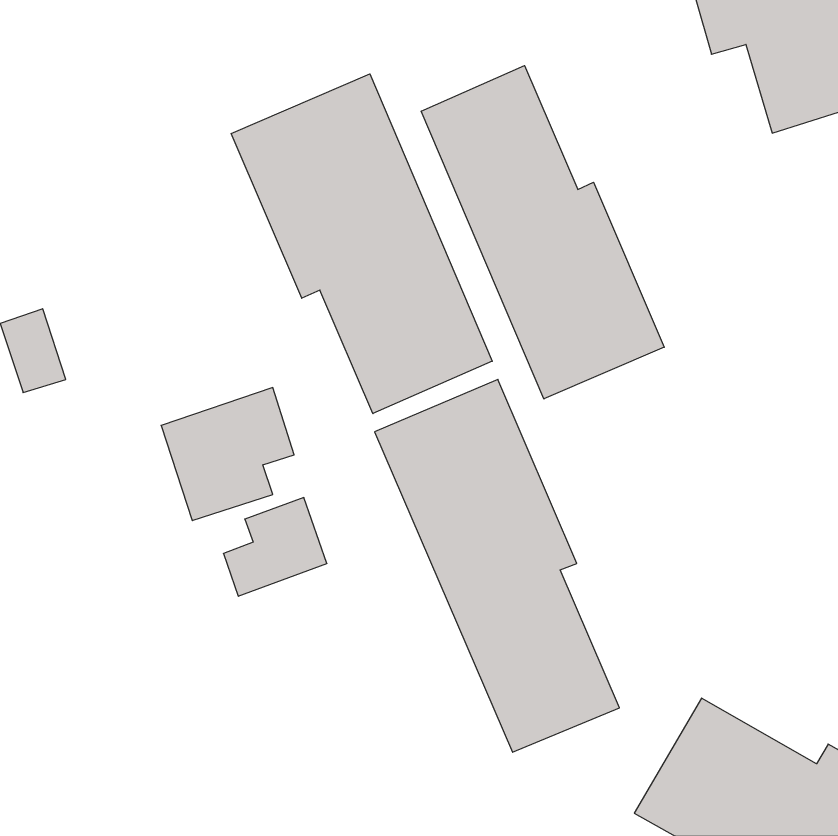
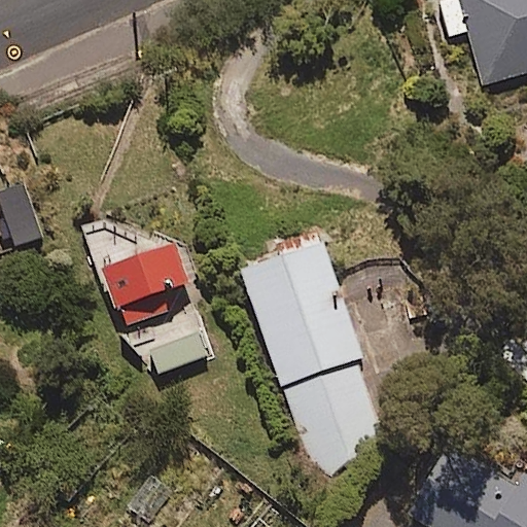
building: [421,66,664,399] -> none
building: [231,74,492,414] -> none

